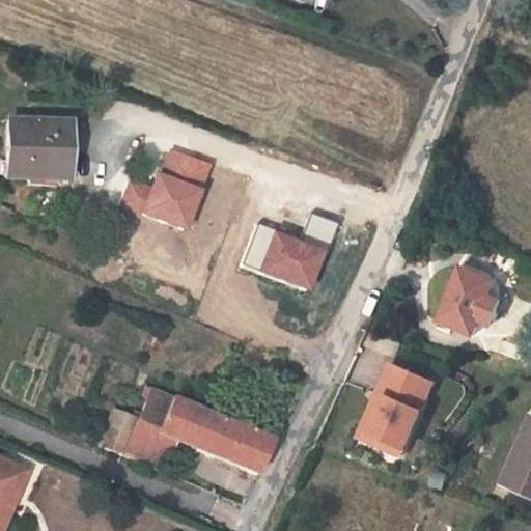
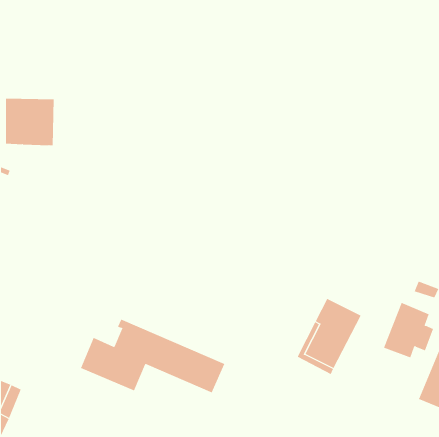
building: [119,149,209,226] -> none
building: [236,214,335,288] -> none
building: [441,263,502,331] -> [383,302,434,358]

